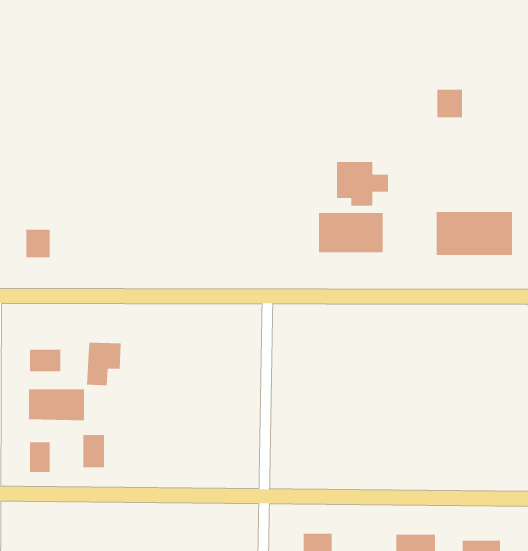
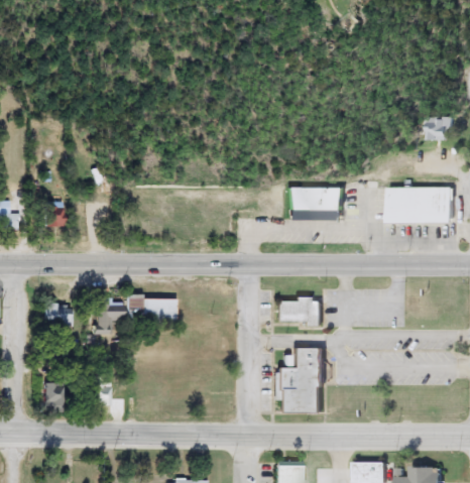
building: [437,89,463,118] -> [427,116,449,140]
building: [336,161,388,206] -> none
building: none -> [278,299,324,327]
building: [28,389,85,421] -> [127,296,175,324]
building: none -> [277,347,325,412]

